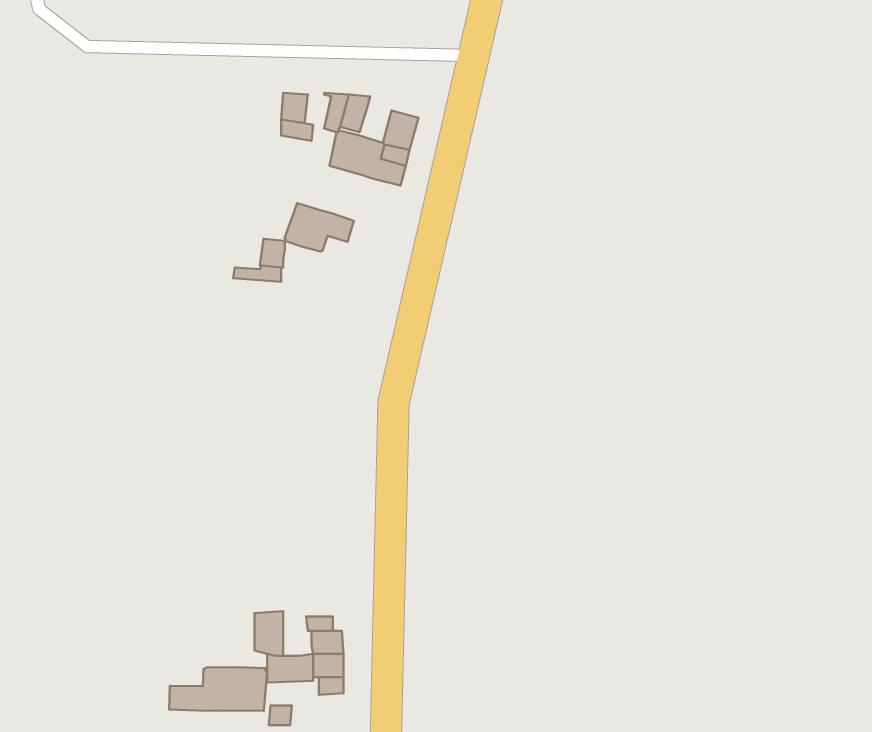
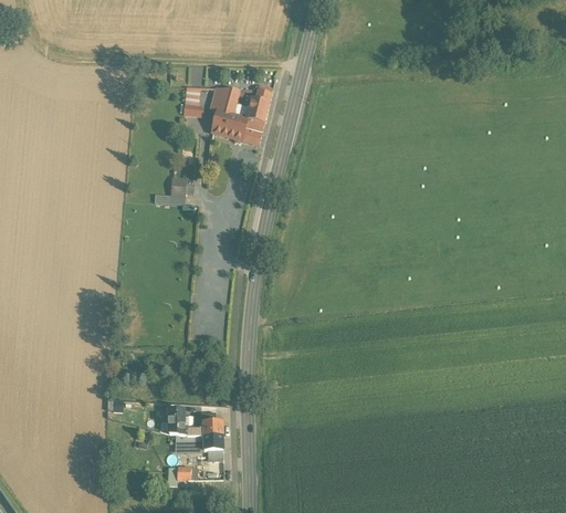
building: [285,203,354,252] -> none
building: [169,667,267,711] -> none

